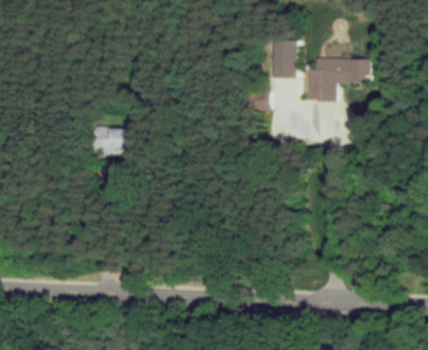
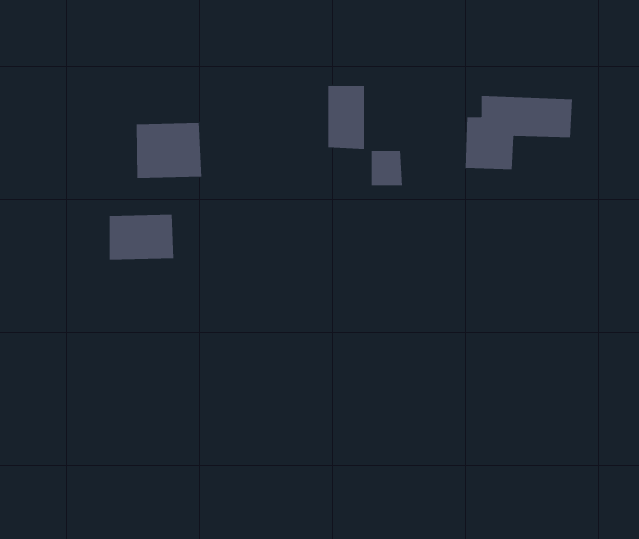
building: [273,41,295,78] -> [328,86,365,149]
building: none -> [136,122,202,179]

